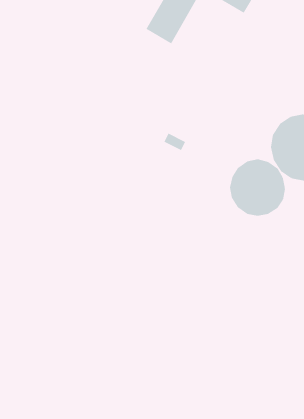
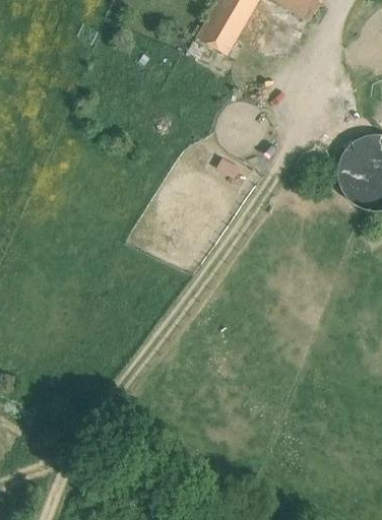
building: [229,159,285,217] -> none

